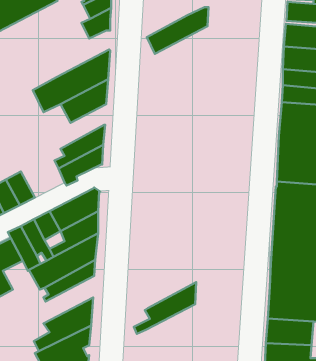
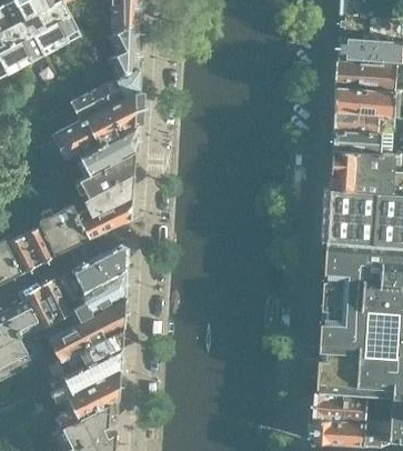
building: [147,7,208,54] -> [70,69,139,121]
building: none -> [74,151,134,201]
building: none -> [39,210,88,255]
building: [134,282,196,334] -> [51,343,121,401]

